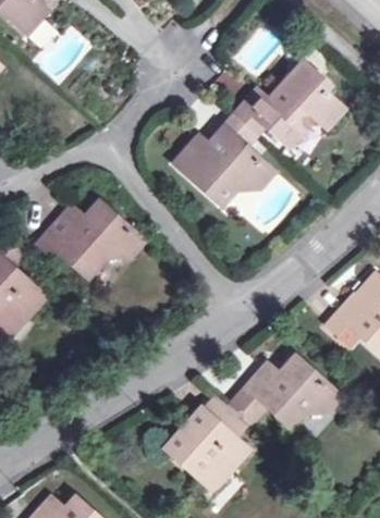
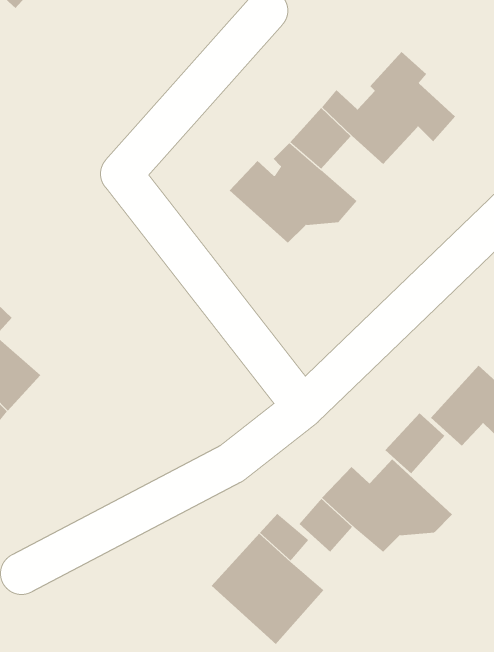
building: [37,201,142,269] -> none
building: none -> [384,413,445,474]

